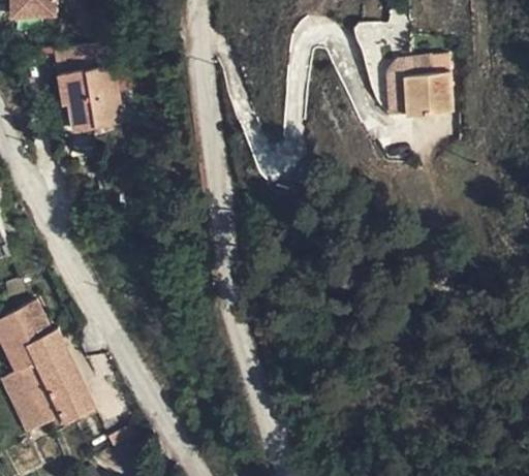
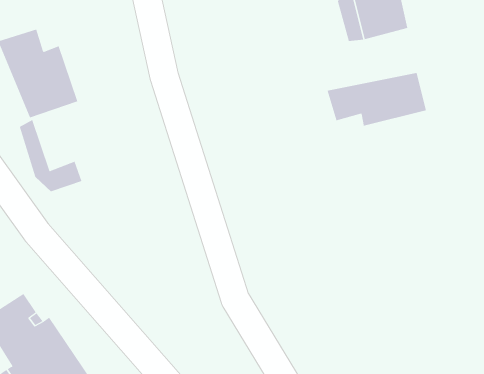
building: none -> [19,119,82,192]
building: none -> [327,72,426,127]

